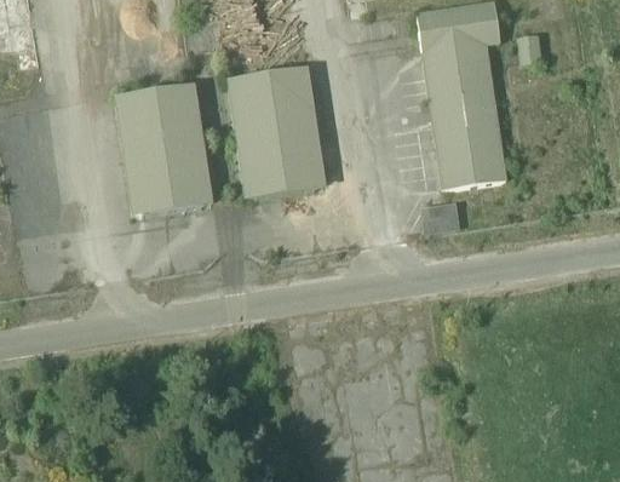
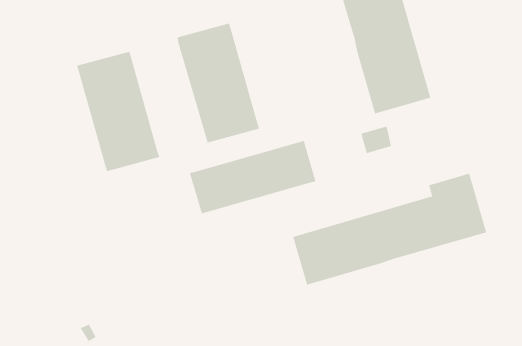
building: none -> [189,140,316,214]
building: none -> [292,173,487,285]

